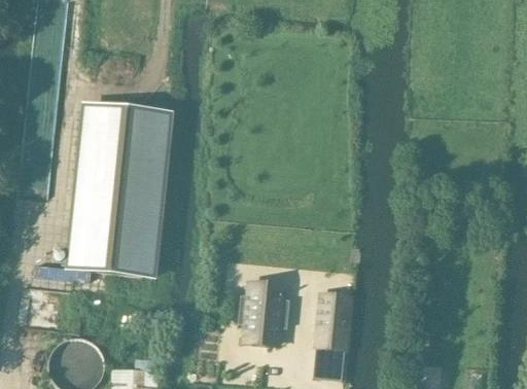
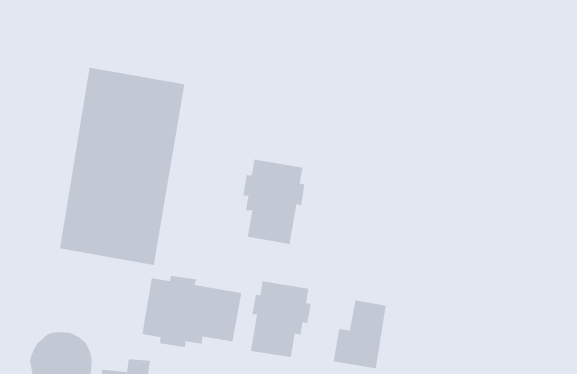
building: none -> [243,159,305,245]
building: none -> [142,275,242,348]

